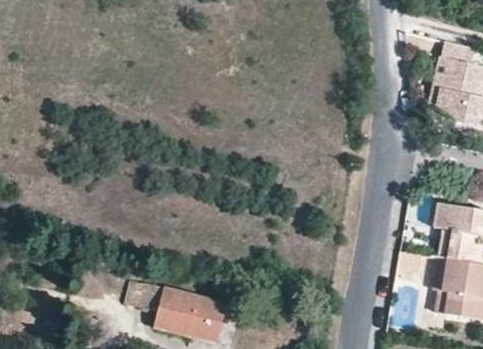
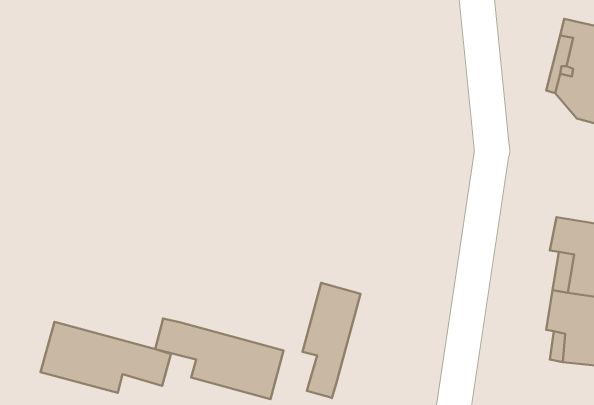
building: none -> [303,283,361,398]
building: none -> [41,322,171,393]

